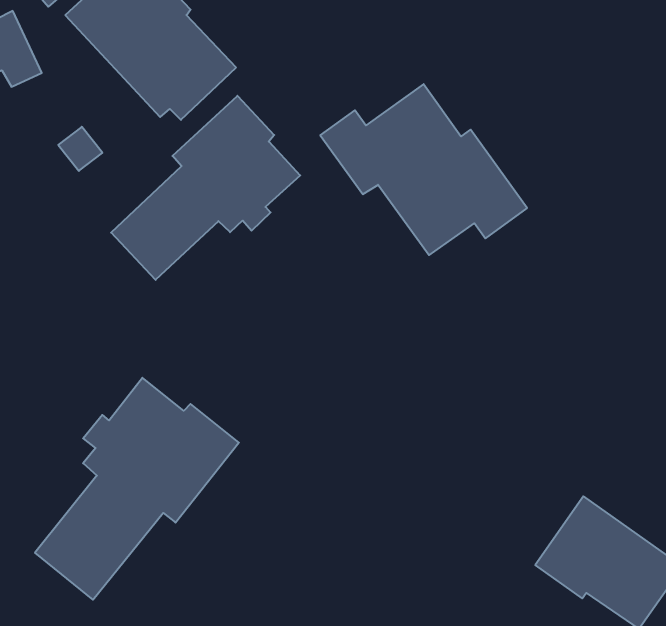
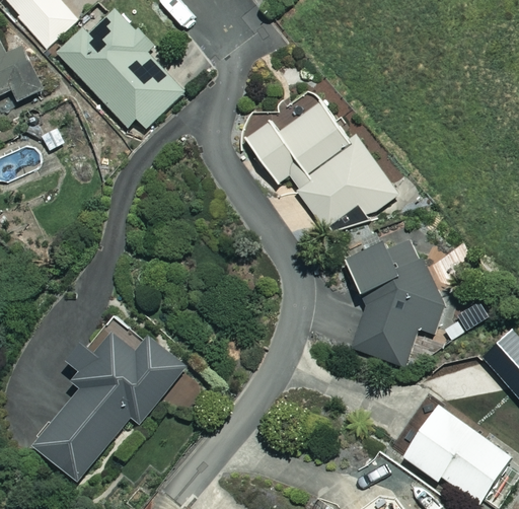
building: [111,96,300,280] -> none
building: none -> [345,232,442,364]

